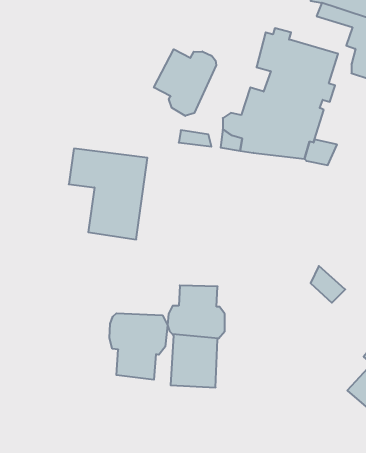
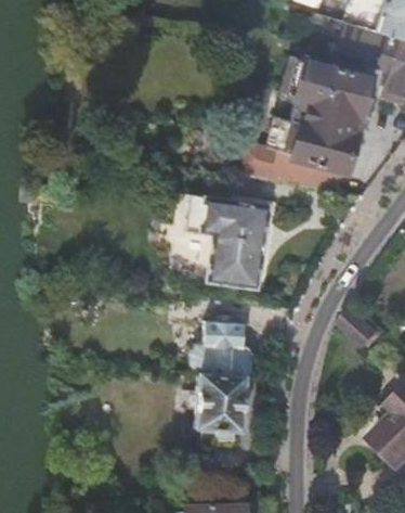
building: [154,49,216,116] -> none
building: [69,149,147,239] -> [185,196,269,293]
building: [109,313,168,380] -> none

